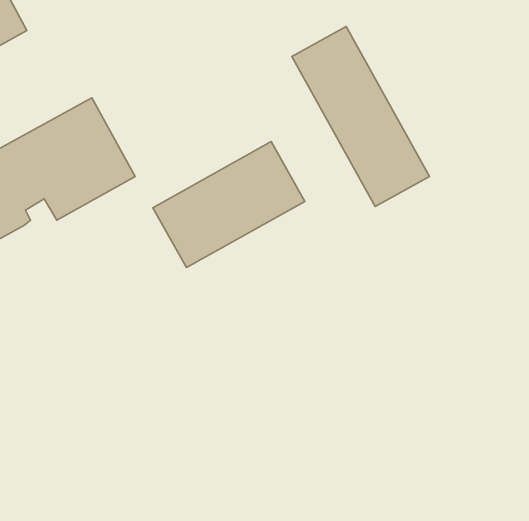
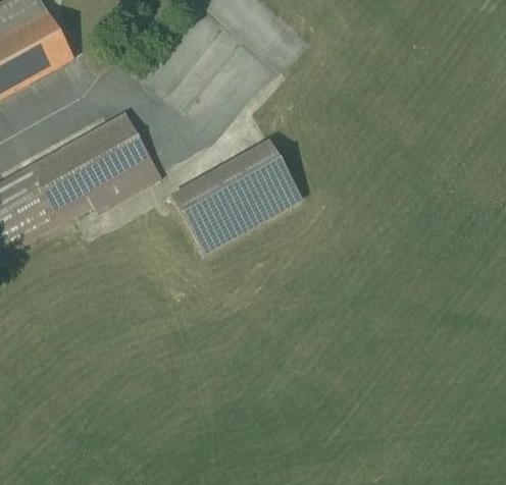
building: [292,27,430,206] -> none

